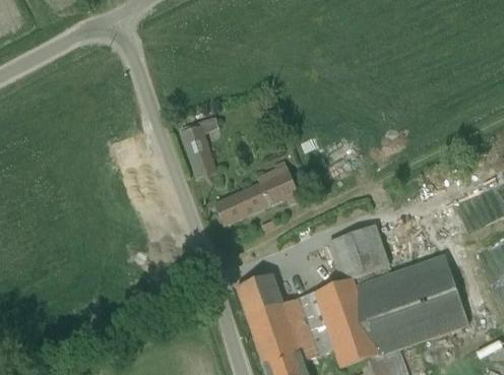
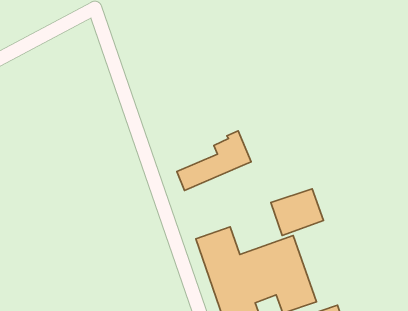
building: [181,120,218,178] -> none
building: [356,253,467,355] -> none

